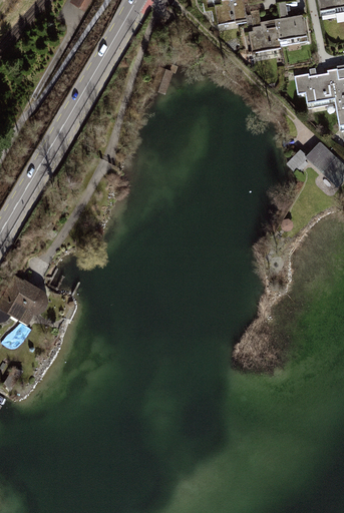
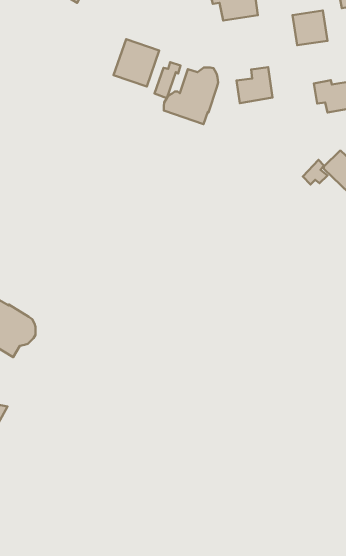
building: [249,18,281,50] -> [237,67,273,103]
building: none -> [114,39,159,87]
building: none -> [164,67,218,124]

